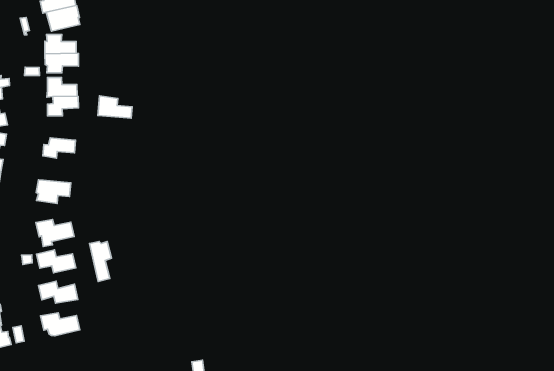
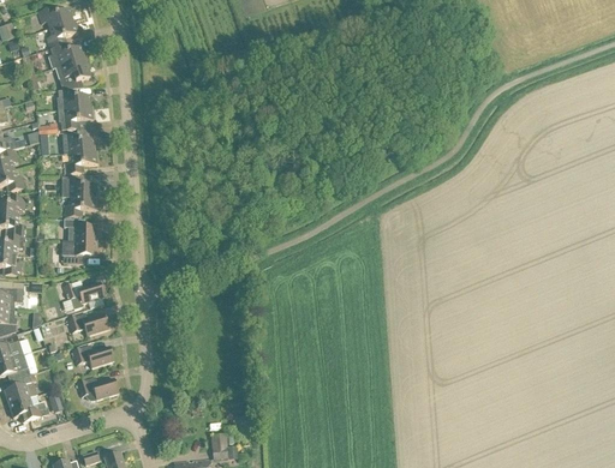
building: [98,96,132,118] -> [61,175,96,196]
building: none -> [64,217,97,240]
building: [90,241,111,281] -> none

